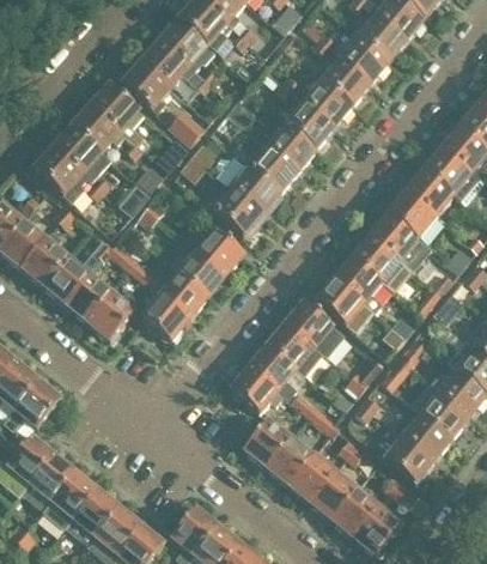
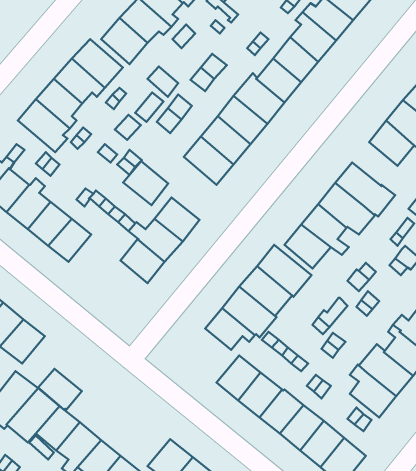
building: [386,192,434,238] -> none
building: [195,228,243,274] -> [123,161,168,205]
building: [86,290,134,339] -> none
building: none -> [38,369,82,410]

